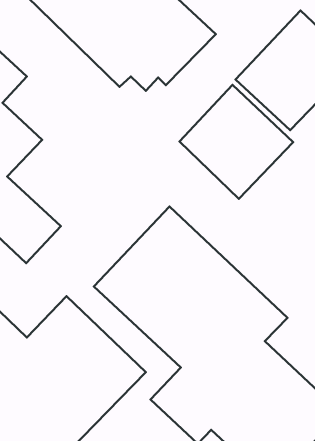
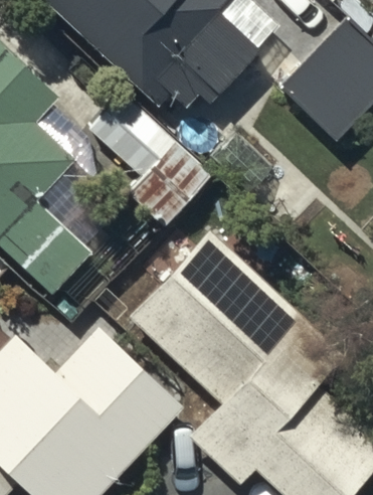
building: none -> [86,92,212,230]
building: [179,85,293,199] -> none

